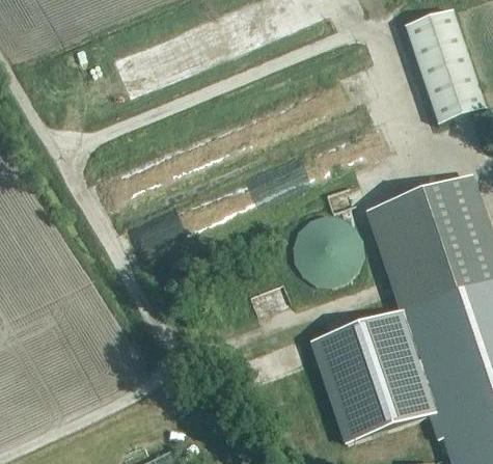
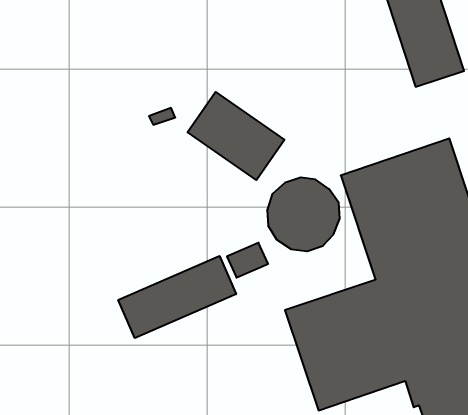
building: none -> [188,92,284,180]
building: none -> [118,256,236,338]

